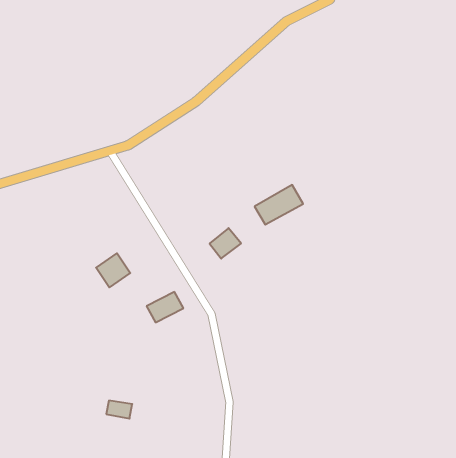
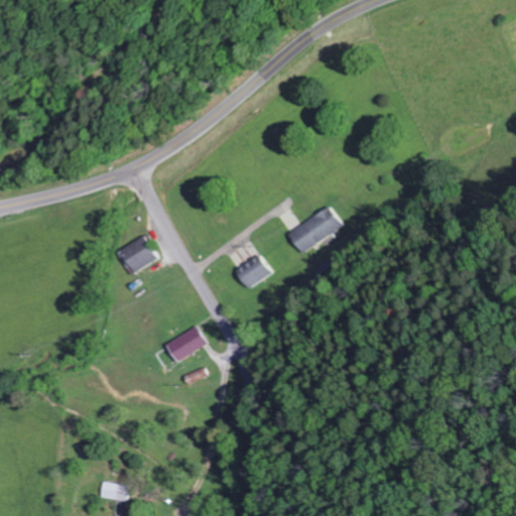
building: [96,253,130,287] -> [119,236,157,274]
building: [106,401,132,419] -> [100,483,129,503]

